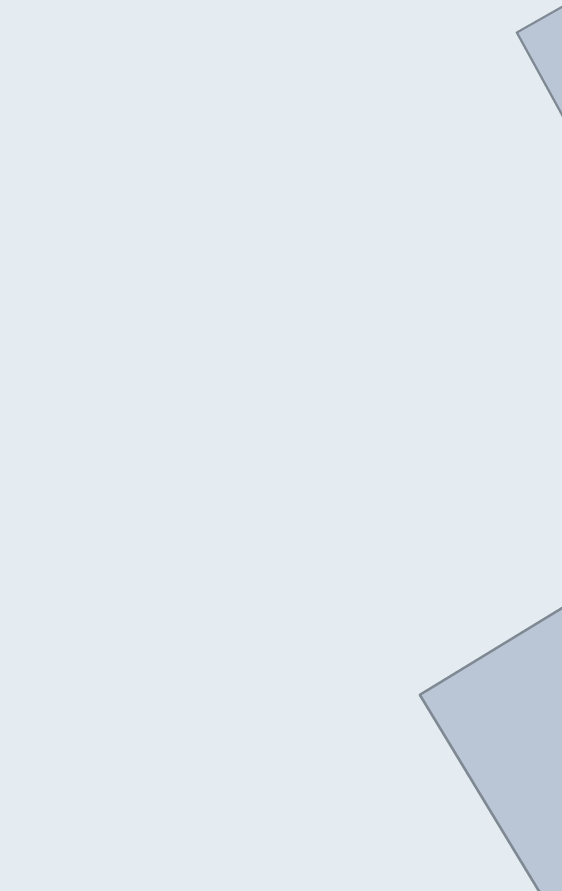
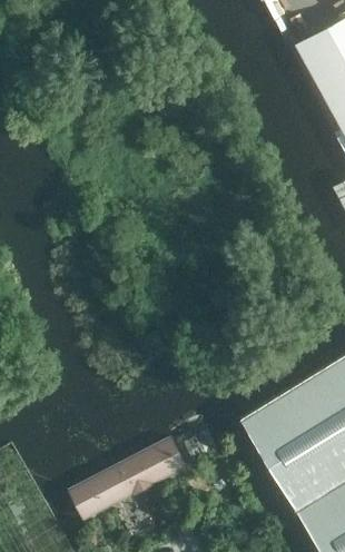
building: none -> [68,444,180,520]

